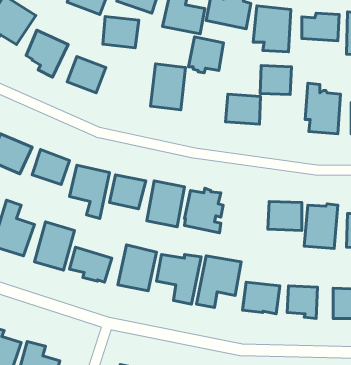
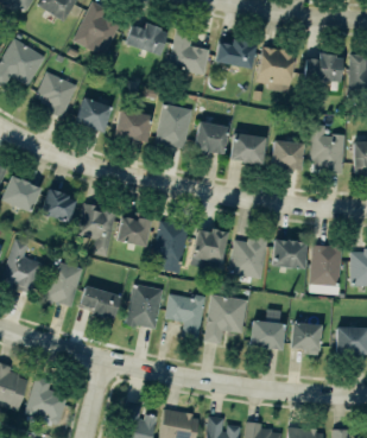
building: [103,16,139,48] -> [116,110,152,141]
building: [188,37,224,73] -> [192,121,227,157]
building: [260,66,291,95] -> [272,141,303,170]
building: none -> [230,237,267,278]

